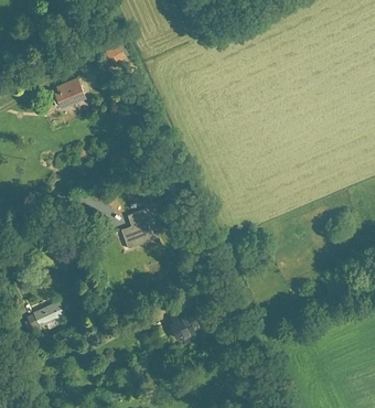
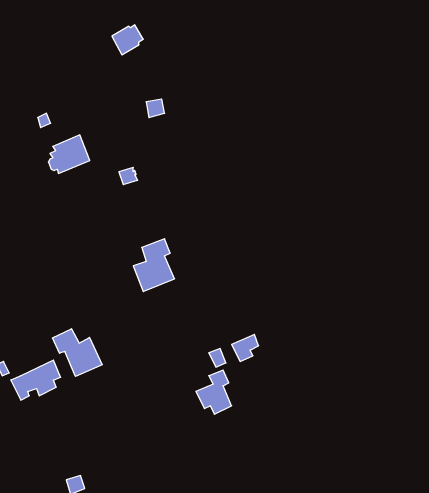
building: [52,77,84,107] -> [48,135,90,173]
building: none -> [53,329,102,376]

